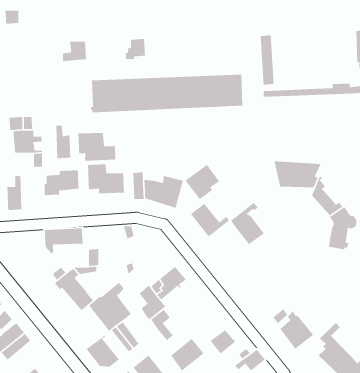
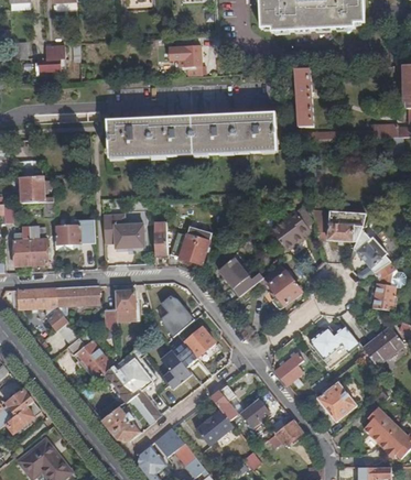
building: [125,38,146,60] -> [177,45,201,69]
building: [62,41,87,62] -> [36,46,64,69]
building: [56,125,71,159] -> [29,227,46,265]
building: [78,132,116,162] -> none
building: [185,164,220,200] -> [269,210,309,251]
building: none -> [15,287,66,329]
building: none -> [115,290,134,320]
building: none -> [160,293,195,337]
building: none -> [310,324,358,359]
building: none -> [361,327,402,367]
building: none -> [273,352,302,386]
building: [150,309,174,341] -> [210,384,237,421]

